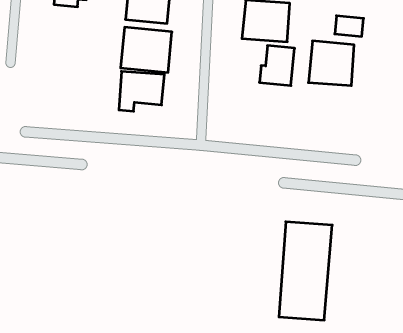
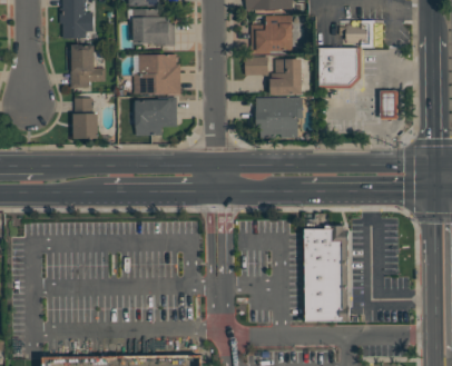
building: none -> [69,46,105,88]
building: none -> [244,57,267,76]
building: none -> [71,98,98,140]
building: none -> [255,97,303,138]
building: none -> [380,91,396,119]

